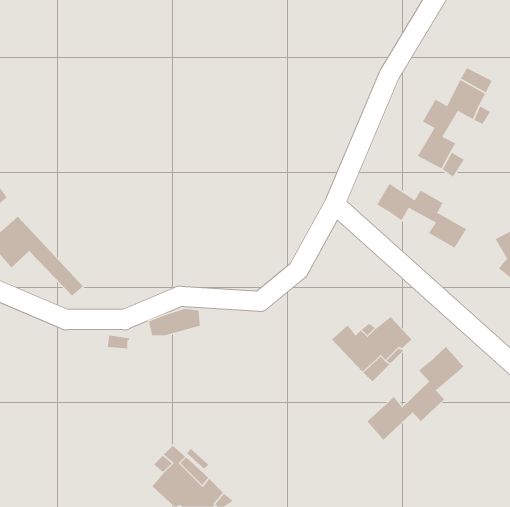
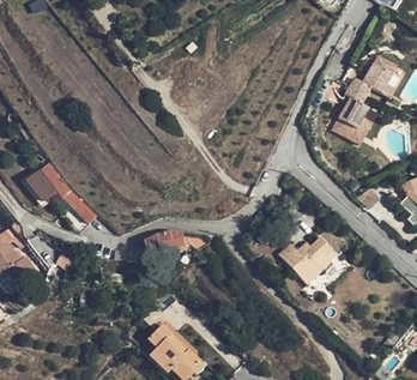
building: [376,183,467,249] -> none
building: [366,346,465,441] -> none

